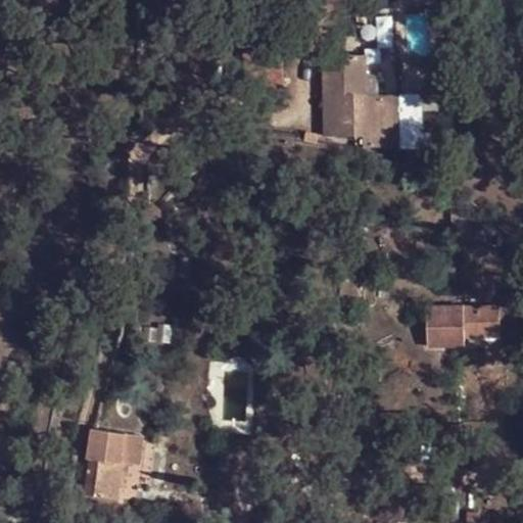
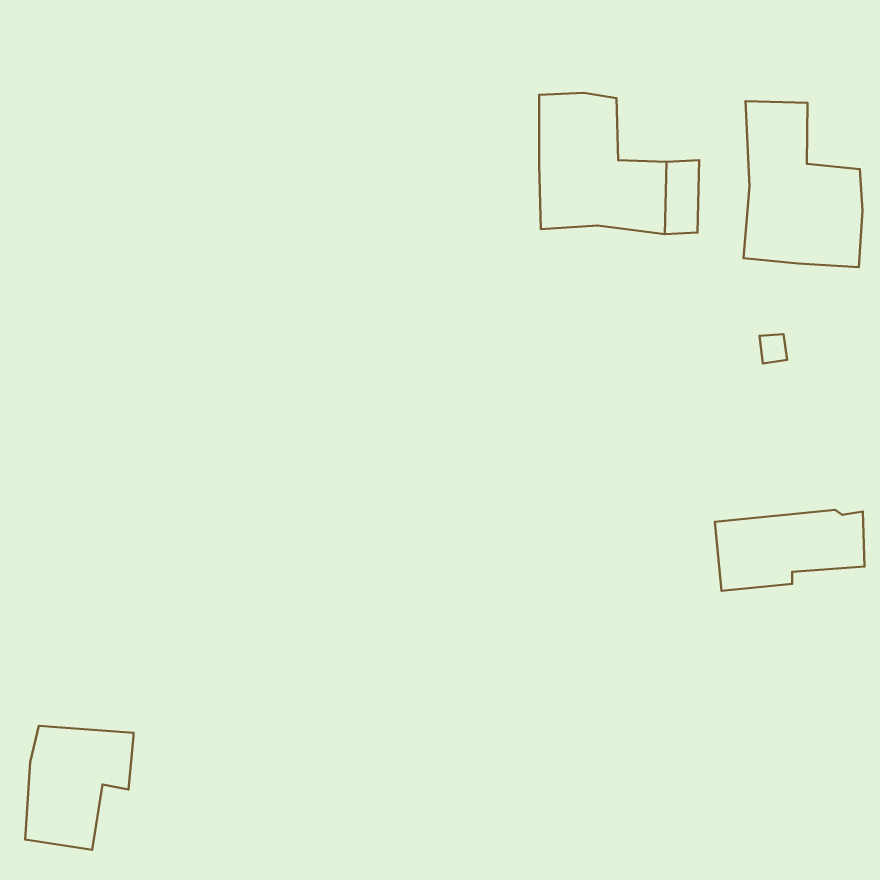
building: none -> [744,101,863,267]
building: [86,426,150,500] -> [25,726,134,850]

